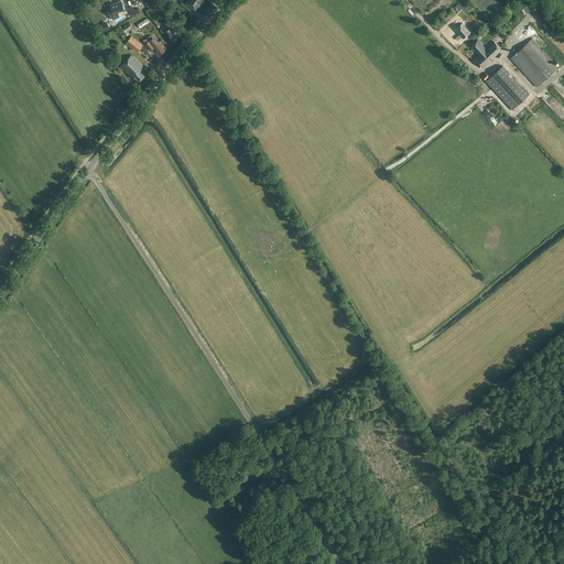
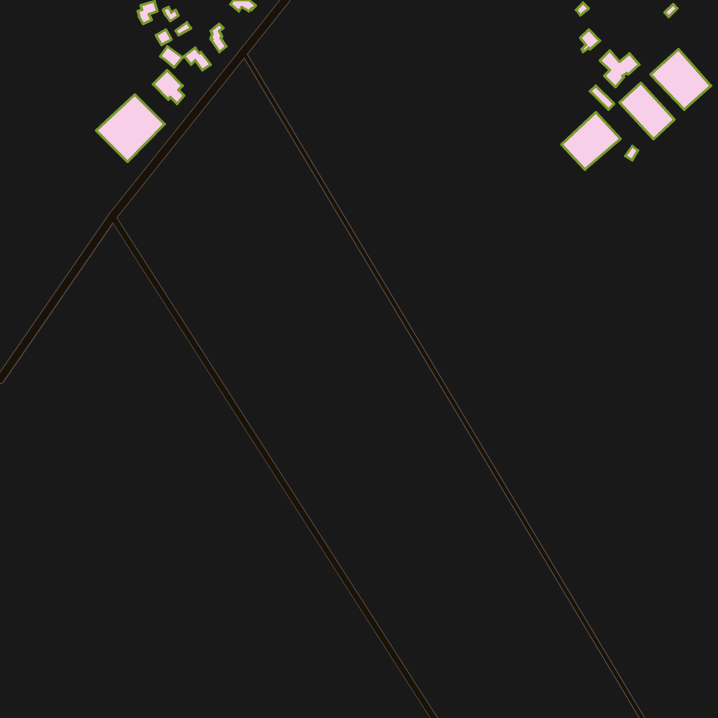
building: none -> [96,95,165,162]
building: none -> [562,112,620,170]

